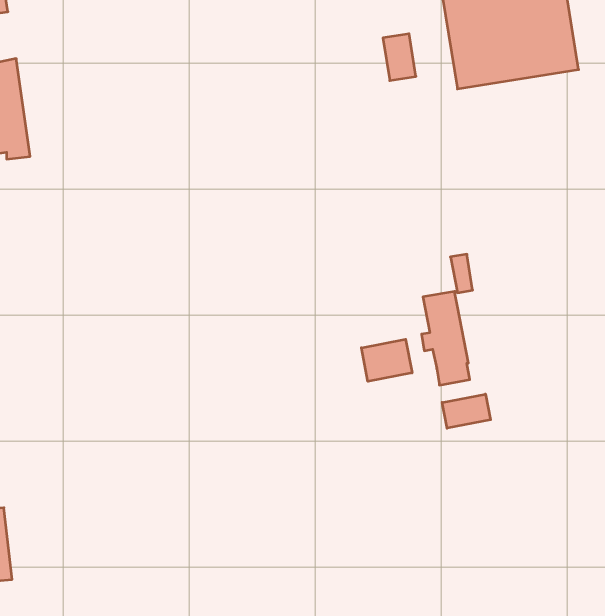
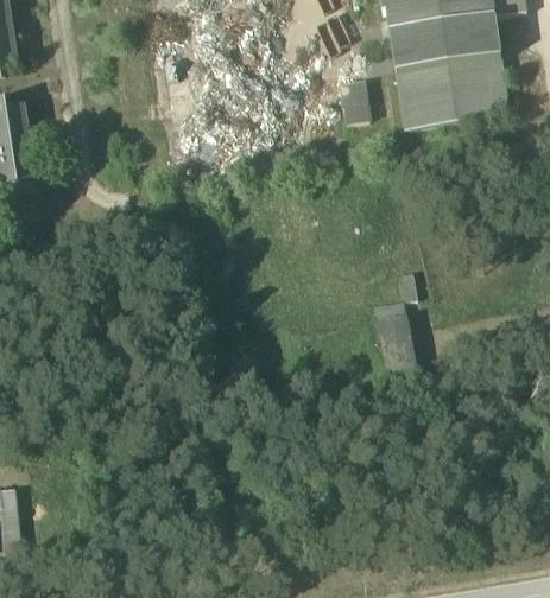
building: [361,339,412,381] -> none
building: [442,394,491,428] -> none

